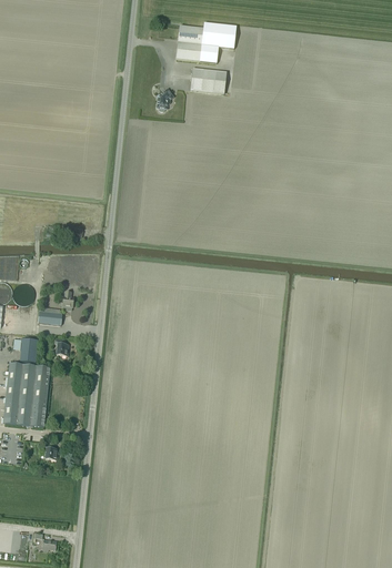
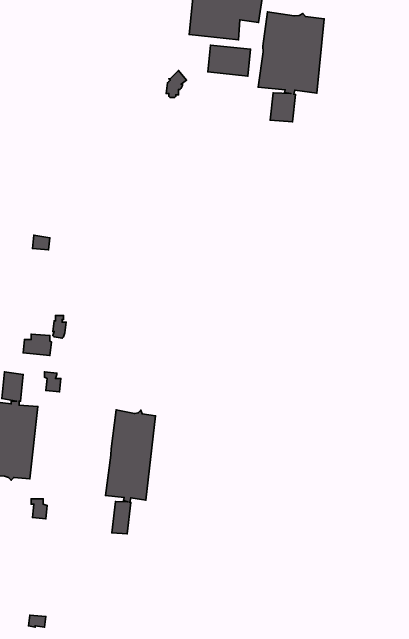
building: none -> [258,12,324,122]
building: none -> [105,410,155,534]

